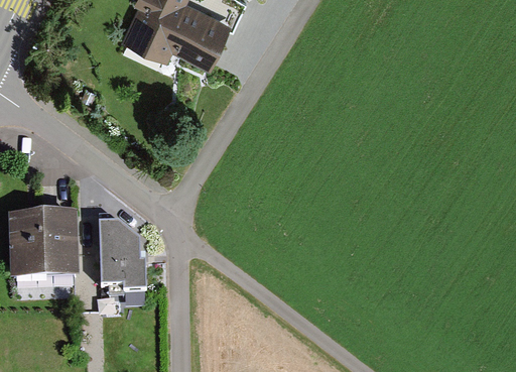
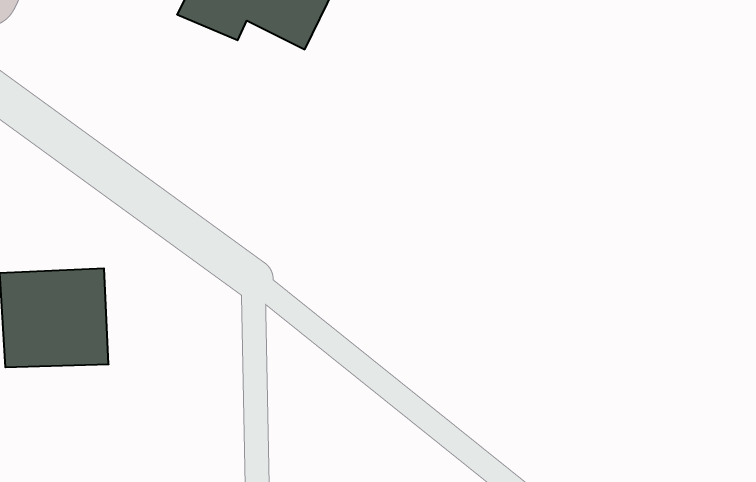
building: [98,220,145,291] -> none

